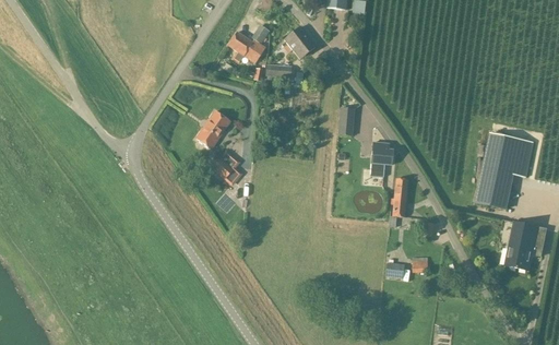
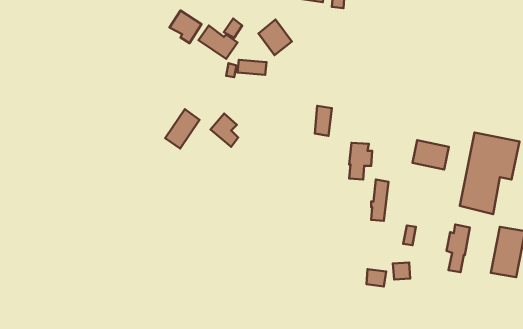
building: none -> [170,10,201,43]
building: none -> [413,140,449,169]
building: [213,152,239,183] -> [210,113,238,147]
building: none -> [446,224,470,272]

